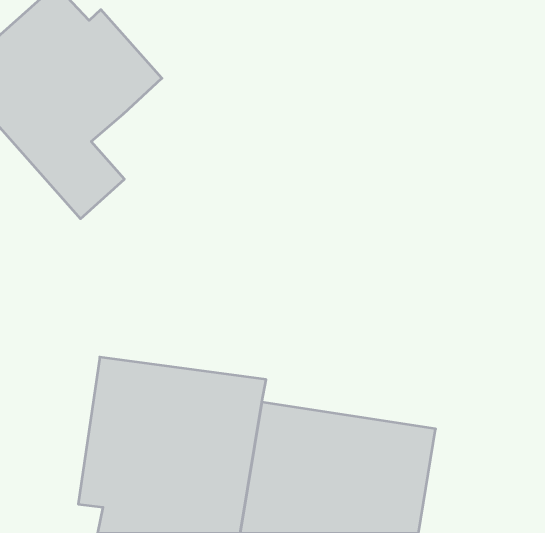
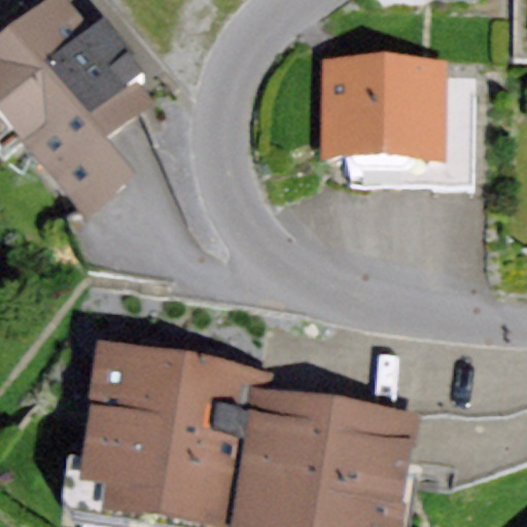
building: none -> [320,59,449,163]

